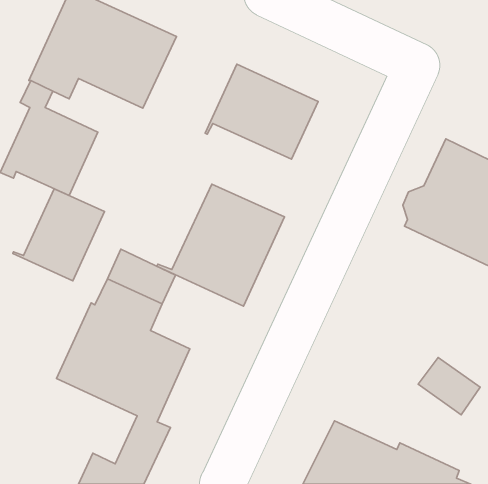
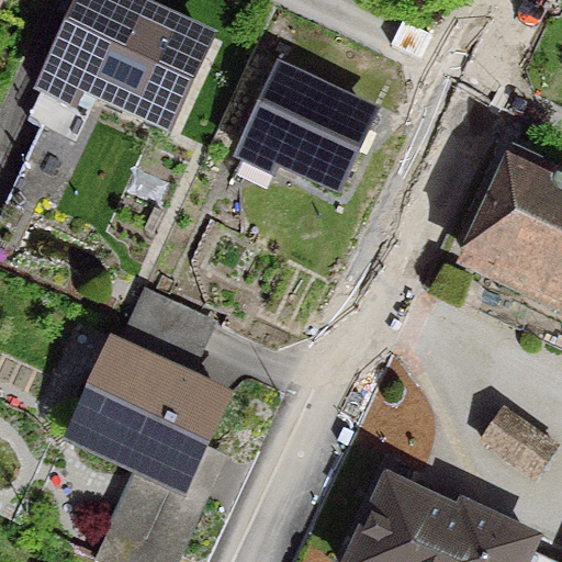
building: [157,184,284,306] -> none
building: [13,189,105,281] -> none

